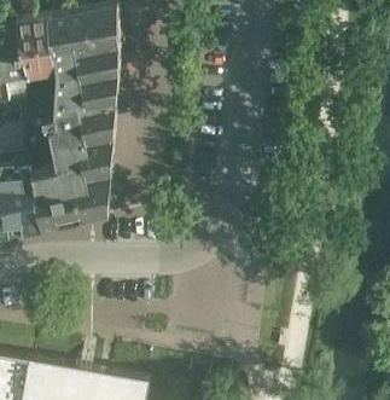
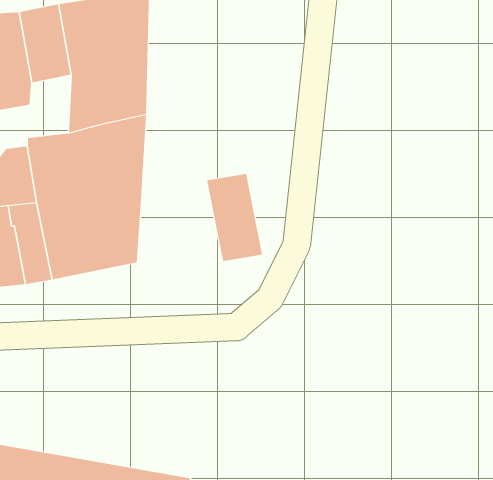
building: none -> [207,173,263,262]

